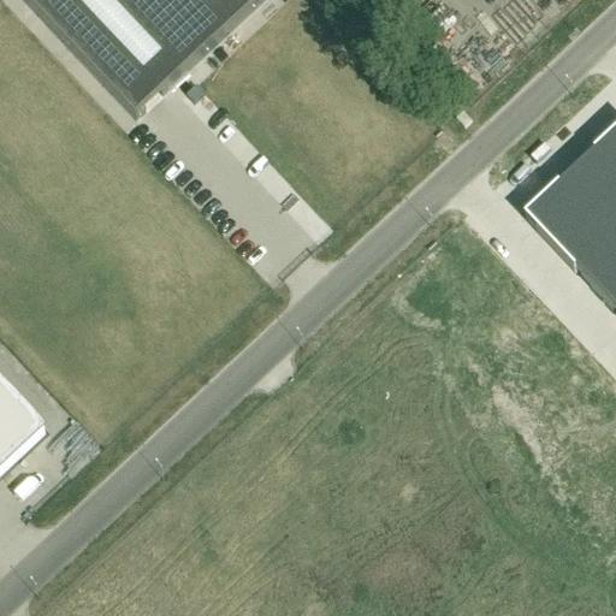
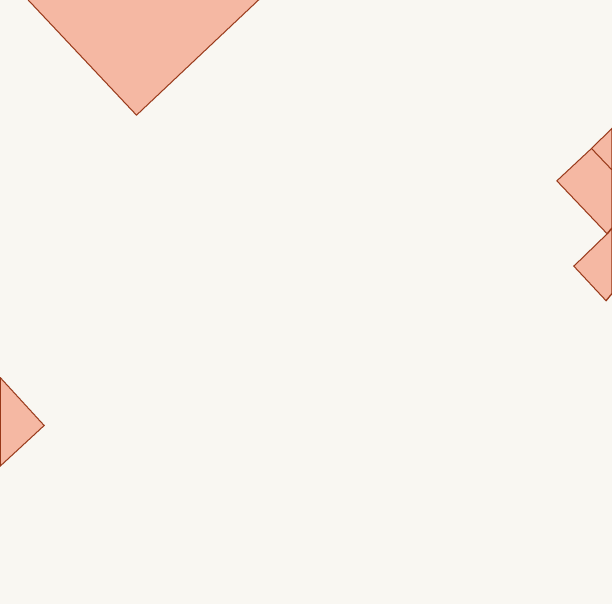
building: [526,182,610,267] -> none

